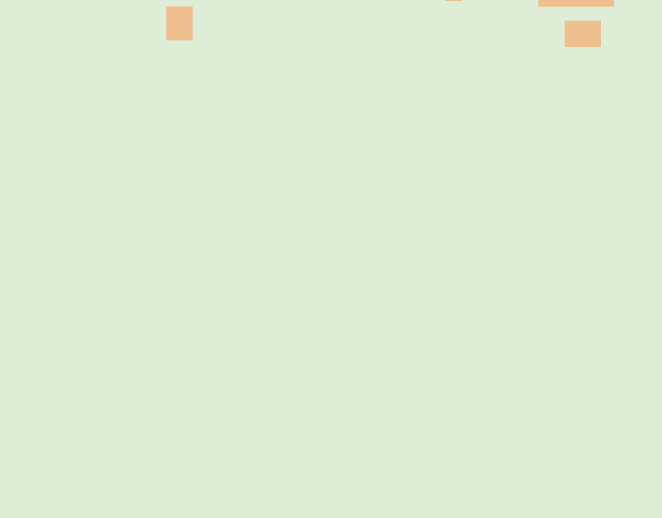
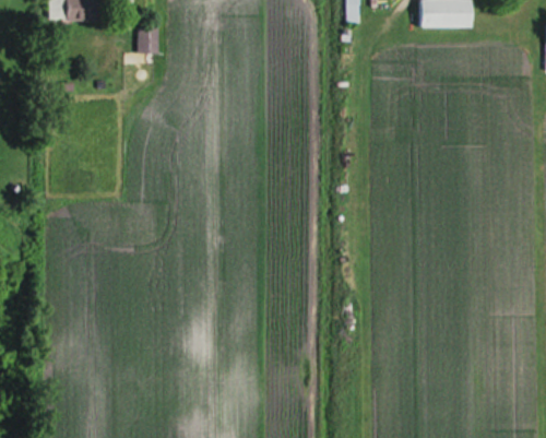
building: [564,20,601,48] -> none

